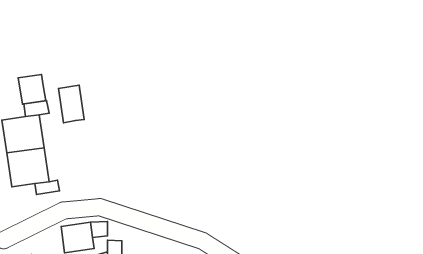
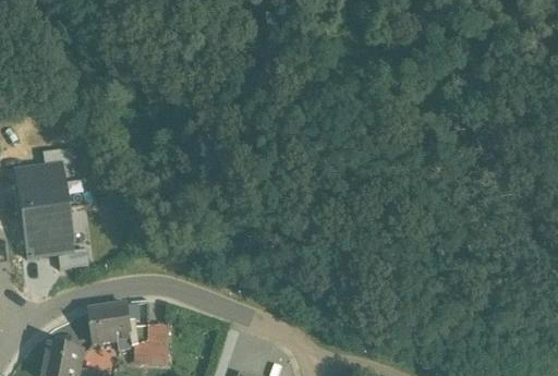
building: [18,74,46,104] -> none
building: [59,85,84,123] -> none

